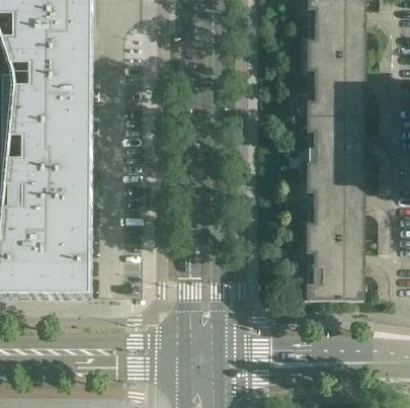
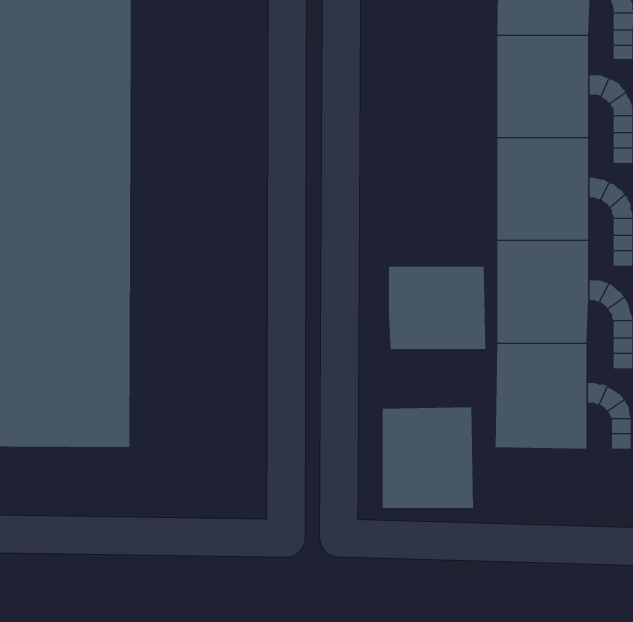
building: none -> [388,266,486,350]
building: none -> [382,406,473,509]

